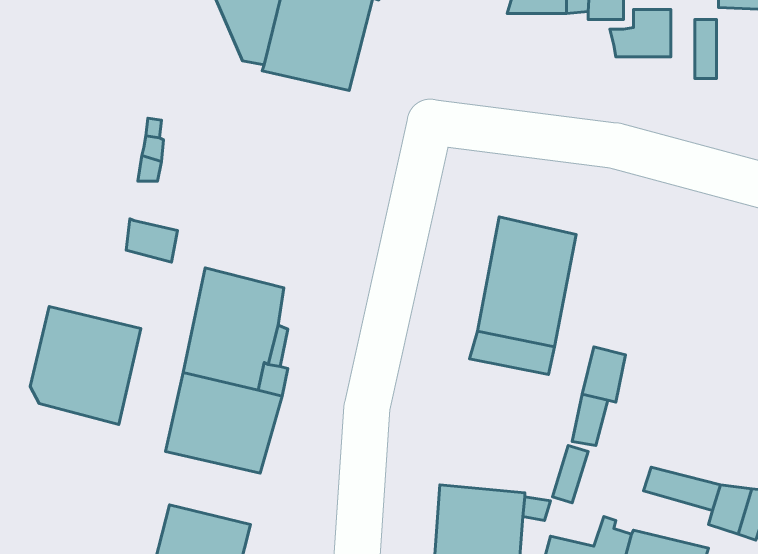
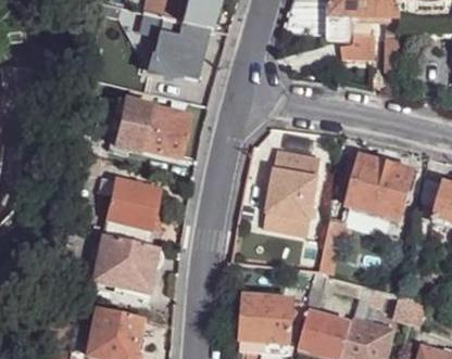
building: none -> [114,97,189,155]
building: none -> [348,156,413,220]
building: [30,306,141,425] -> none

